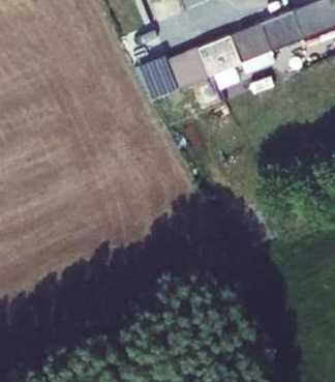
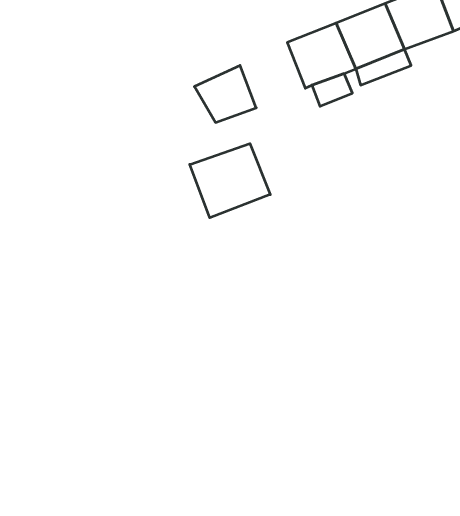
building: [168,47,210,88] -> none
building: none -> [190,144,270,218]

